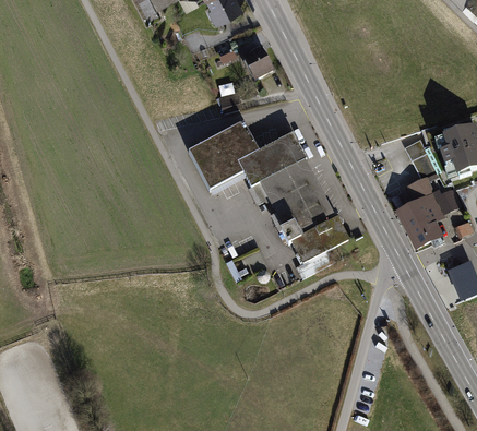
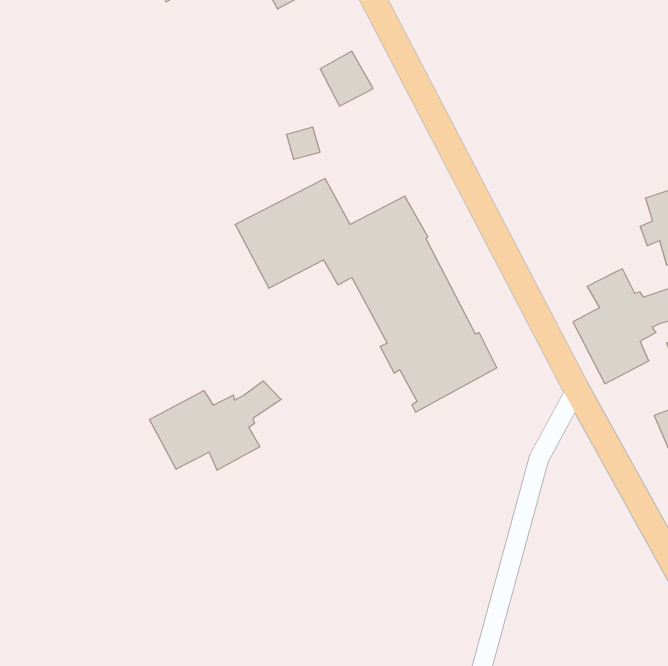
building: [404,140,437,181] -> none
building: none -> [150,381,281,470]

